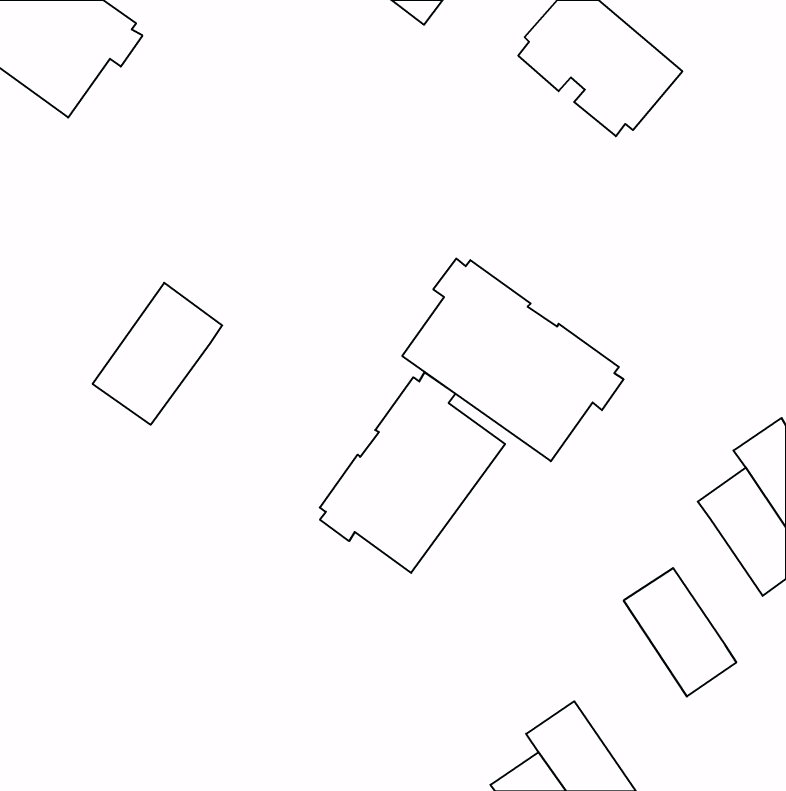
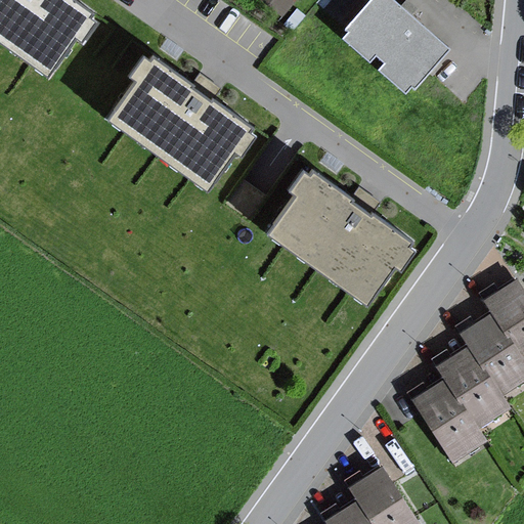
building: none -> [106,56,253,190]
building: [93,283,222,425] -> none
building: [320,372,505,573] -> none
building: none -> [438,343,513,427]

